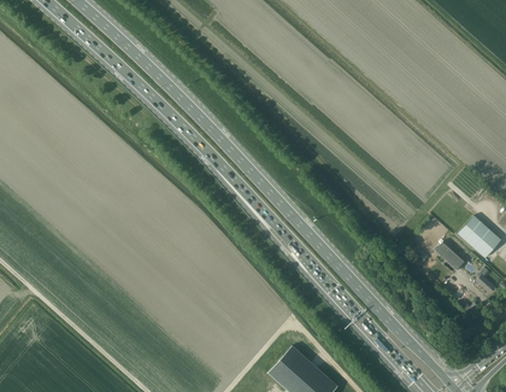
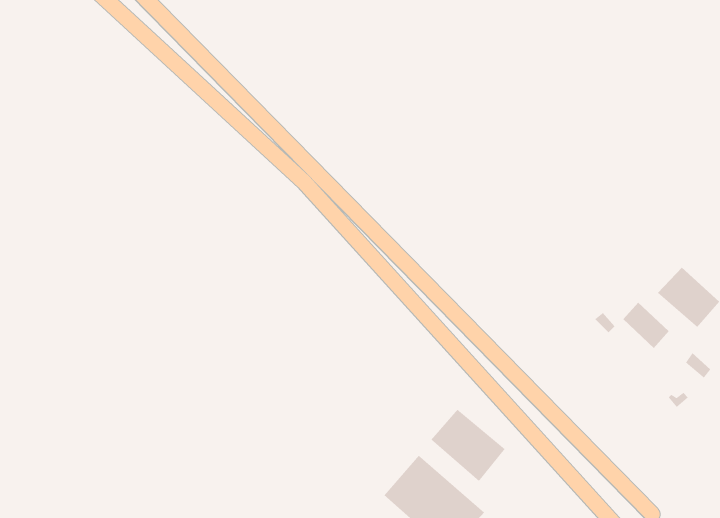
building: none -> [430,409,505,482]

